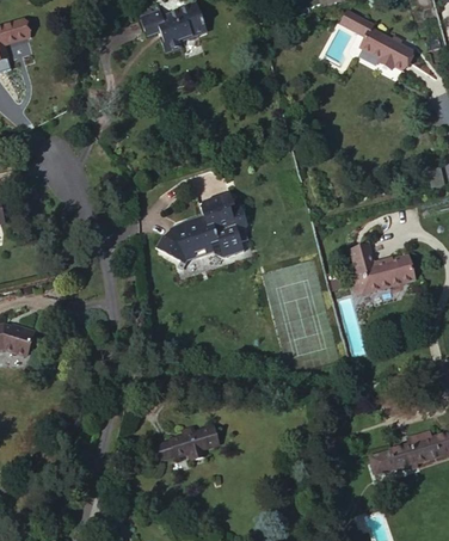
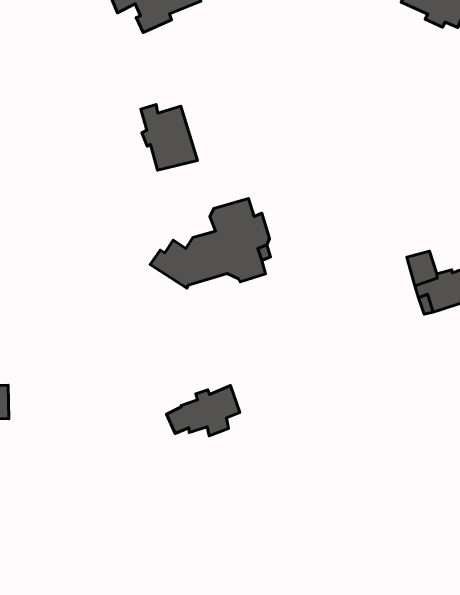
building: none -> [141,104,197,170]
building: [156,426,214,465] -> [166,385,240,436]

